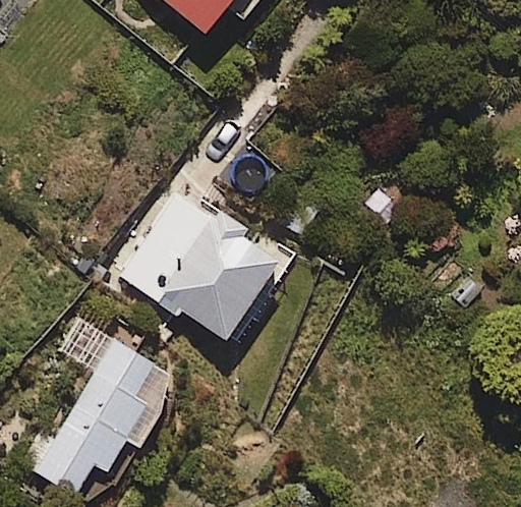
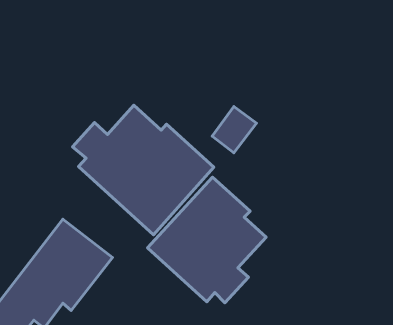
building: none -> [147,177,266,303]

